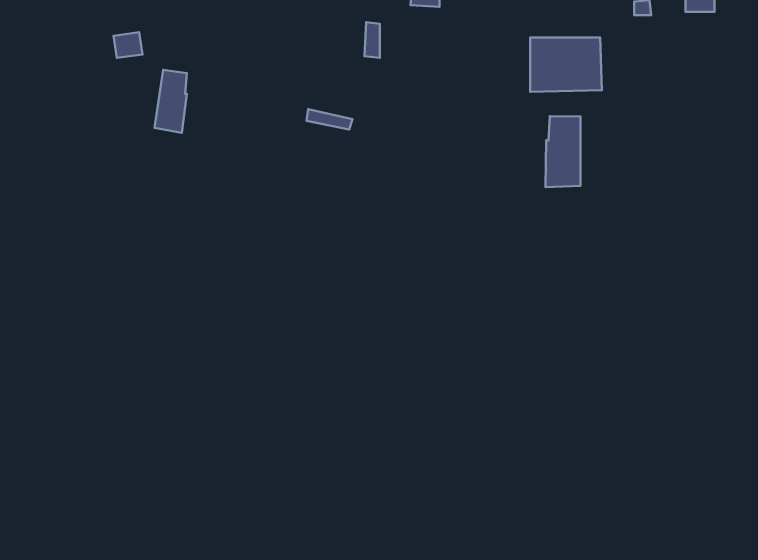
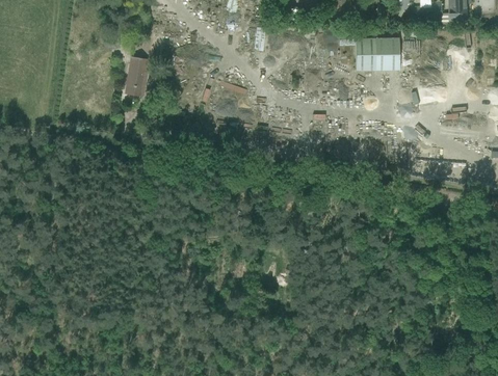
building: [545,116,580,187] -> none

